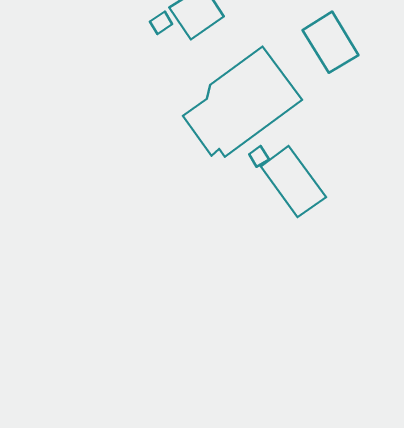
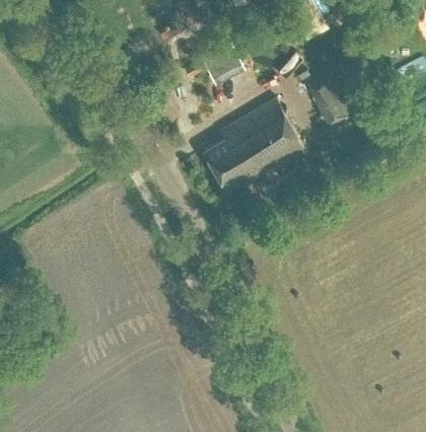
building: [261,146,326,217] -> none

